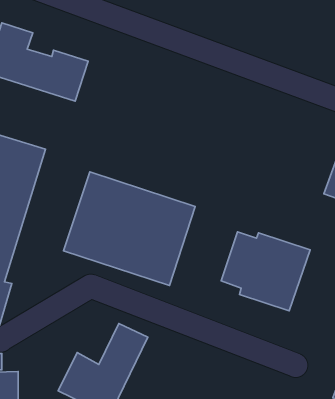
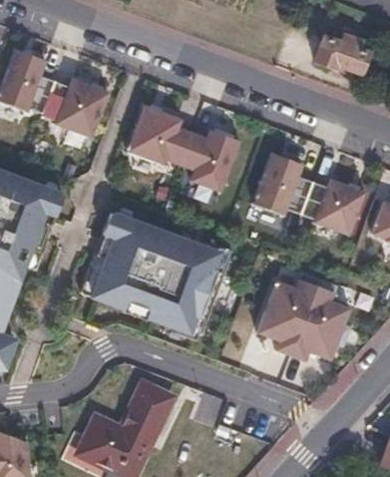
building: none -> [314,32,369,72]
building: none -> [124,103,237,191]
building: none -> [250,152,365,234]

